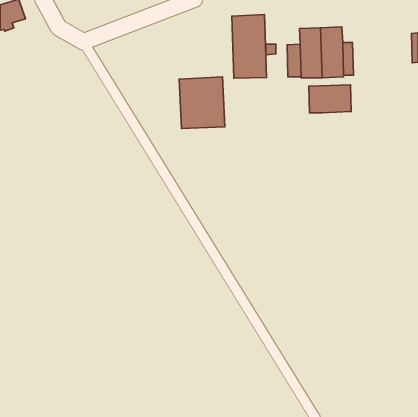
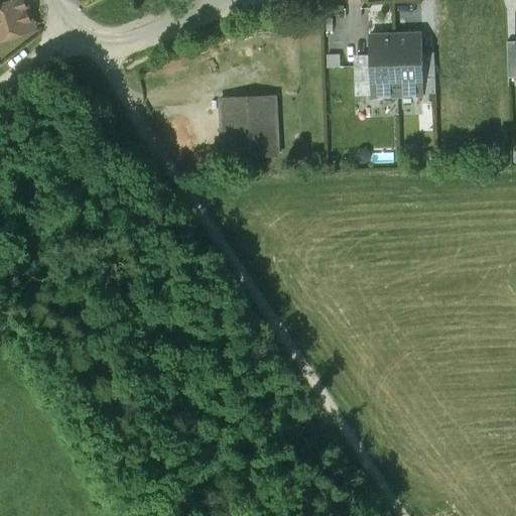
building: [232,14,267,78] -> none
building: [309,85,351,113] -> none

